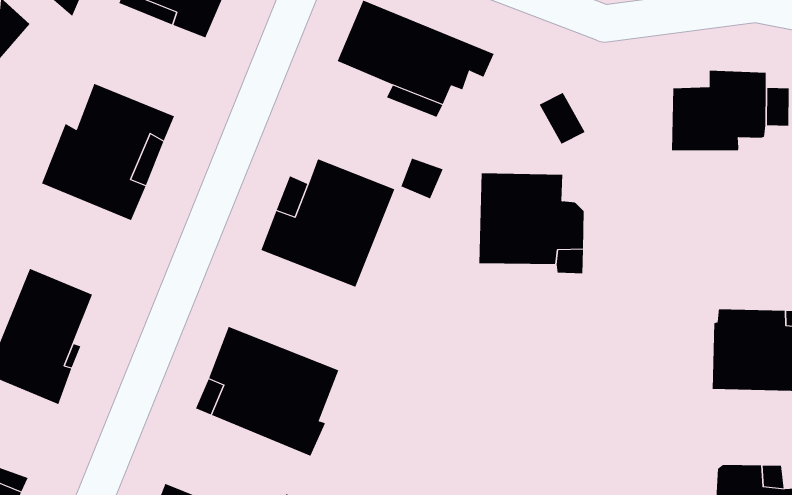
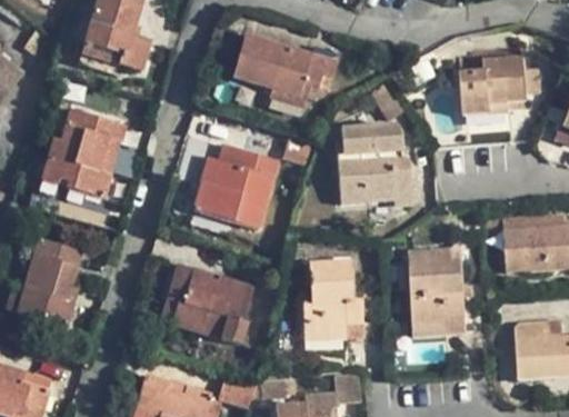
building: none -> [408,250,466,336]
building: none -> [302,260,365,340]

